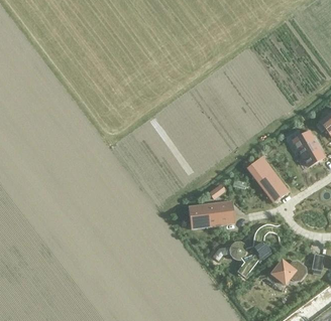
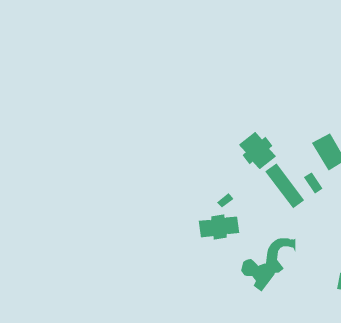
building: none -> [238,131,277,170]
building: [269,262,304,285] -> none

